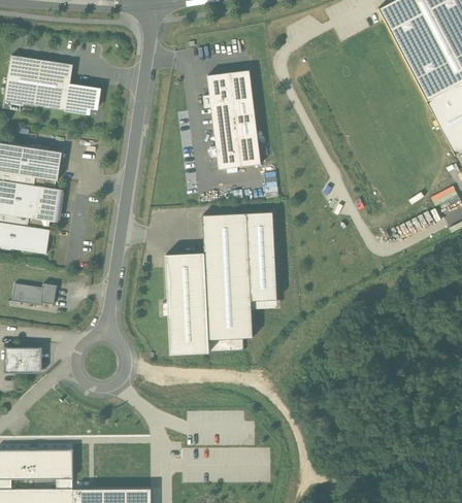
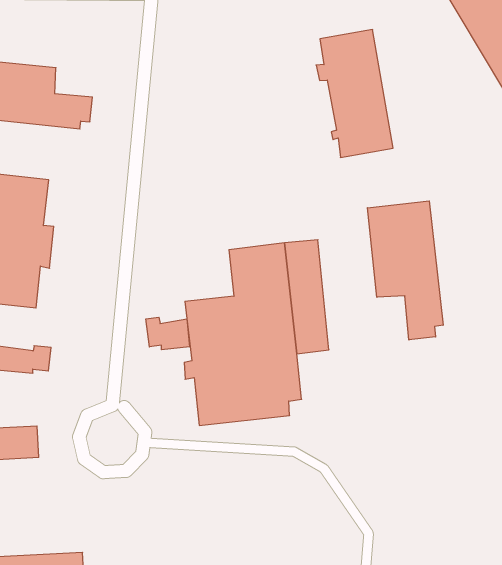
building: [203,69,261,169] -> [316,30,393,157]
building: none -> [367,201,443,340]
building: none -> [146,317,189,350]

